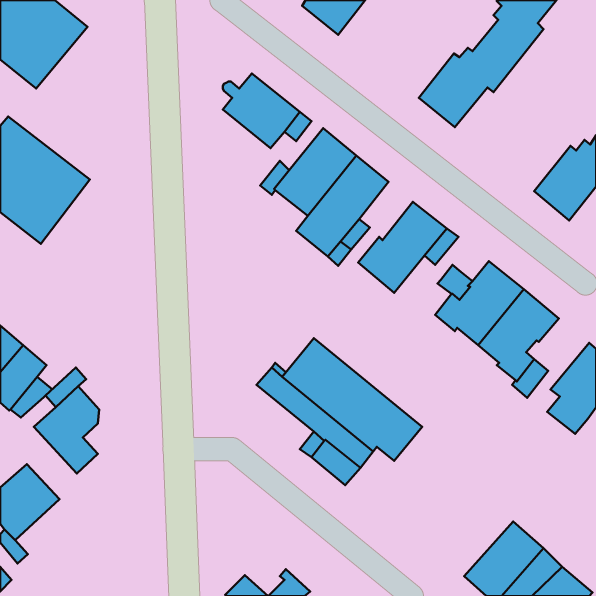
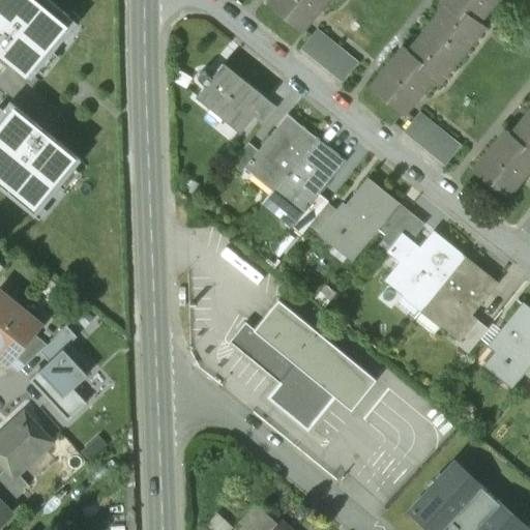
building: none -> [300,30,357,82]
building: none -> [405,112,460,164]
building: none -> [382,210,423,248]

